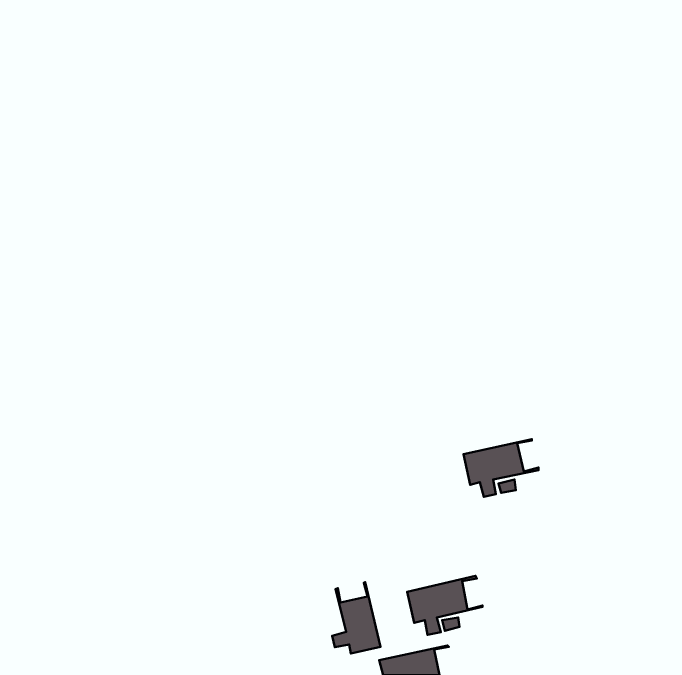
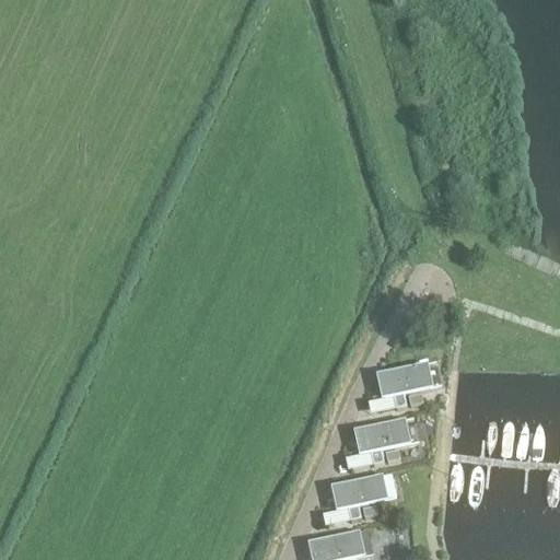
building: none -> [355,415,417,463]
building: [332,582,380,654] -> none

